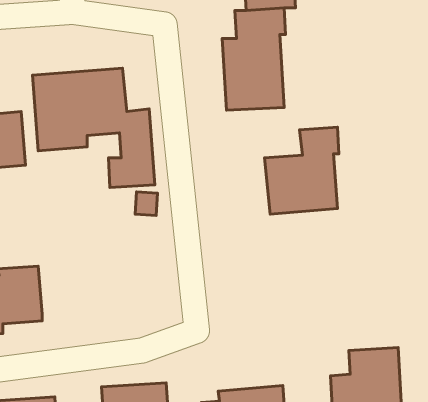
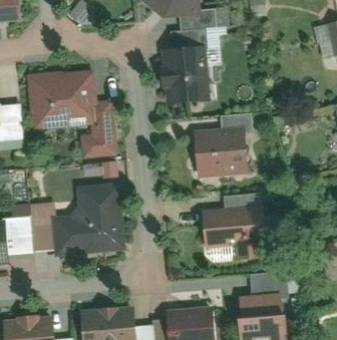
building: none -> [32,181,125,254]
building: none -> [198,189,259,256]

